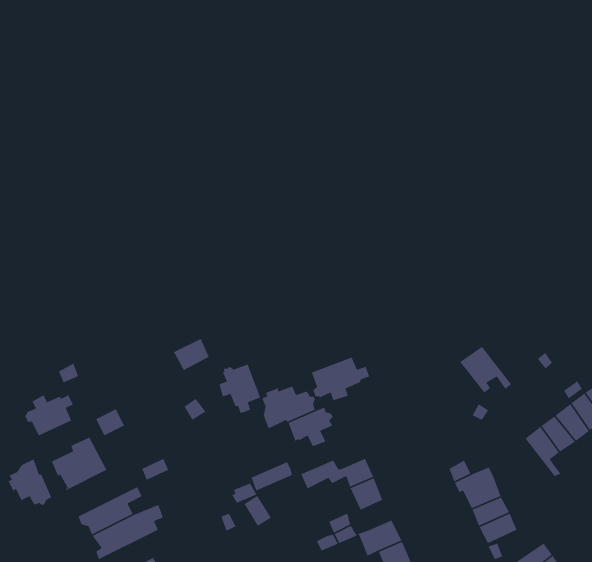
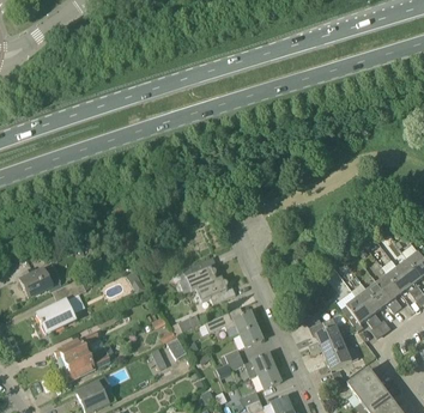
building: [459,346,512,393] -> [343,298,378,330]
building: [311,357,370,401] -> none
building: [218,364,261,414] -> none
building: [7,458,52,506] -> none

